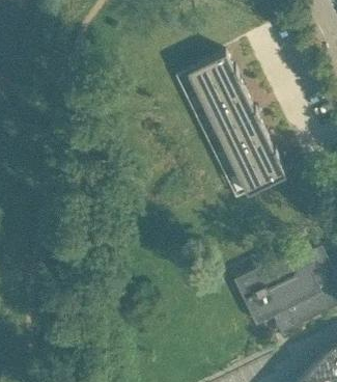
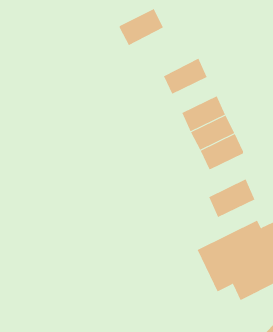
building: [185,54,233,94] -> [119,8,164,46]
building: [204,96,253,134] -> none
building: none -> [208,179,255,218]

